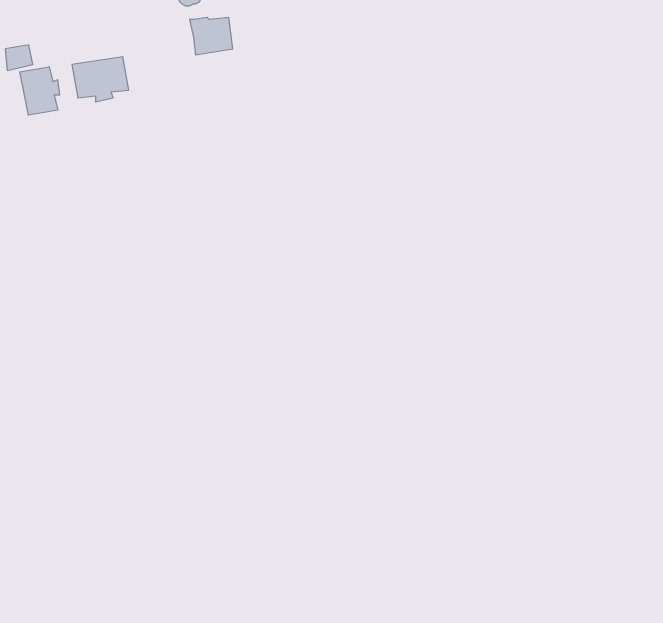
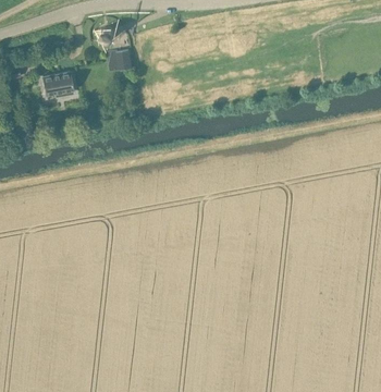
building: [20,67,60,115] -> none

